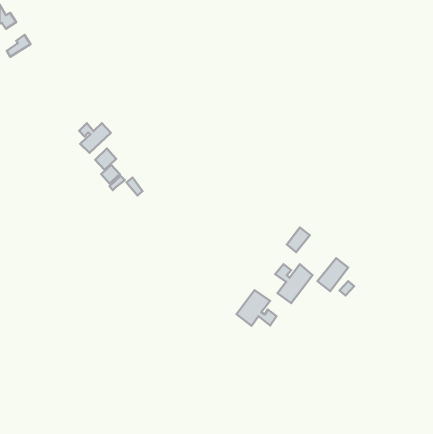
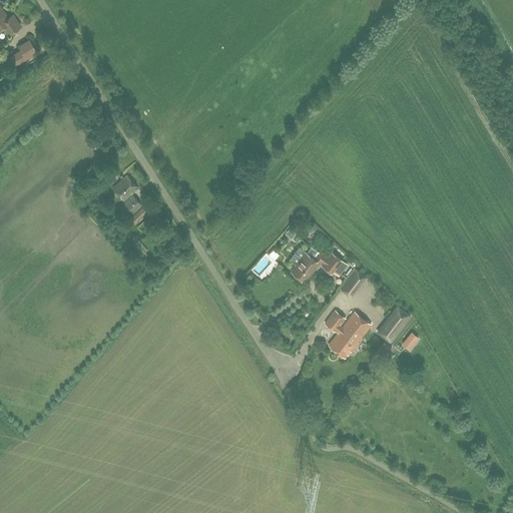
building: [79,123,111,153] -> none
building: none -> [290,250,347,283]
building: [236,290,277,326] -> none

